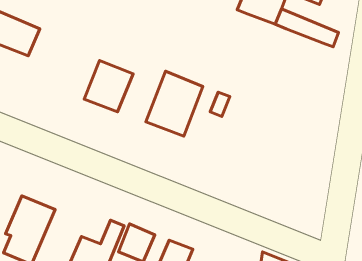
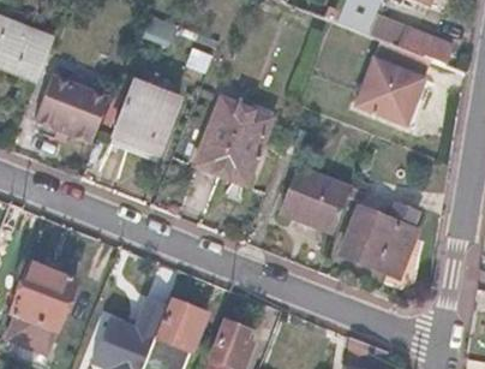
building: none -> [357,41,431,126]
building: none -> [37,77,108,141]
building: none -> [282,168,352,233]
building: none -> [341,204,418,276]

